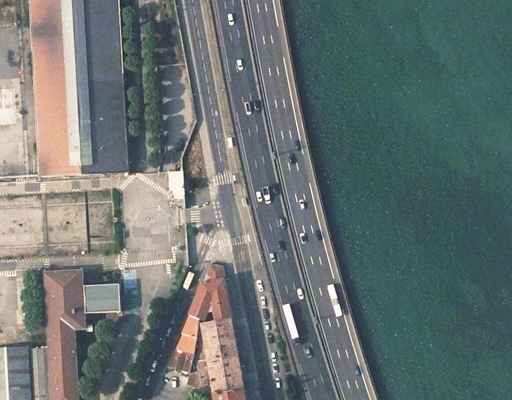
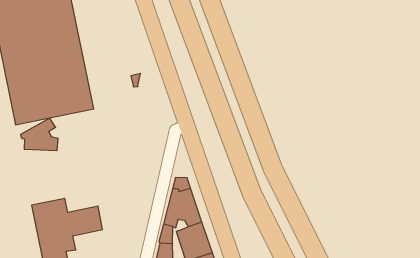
building: none -> [21,118,58,151]

